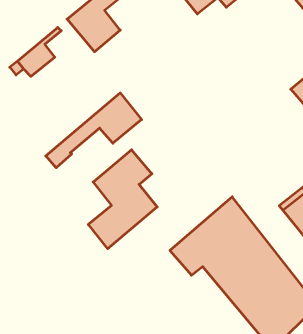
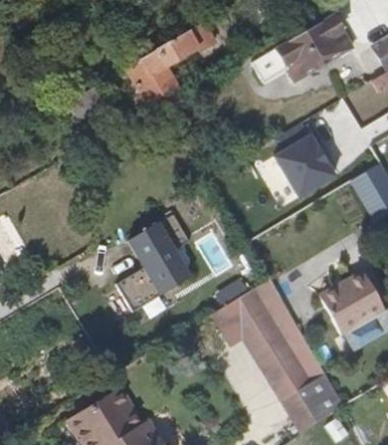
building: none -> [274,123,335,197]
building: [46,93,142,168] -> none

